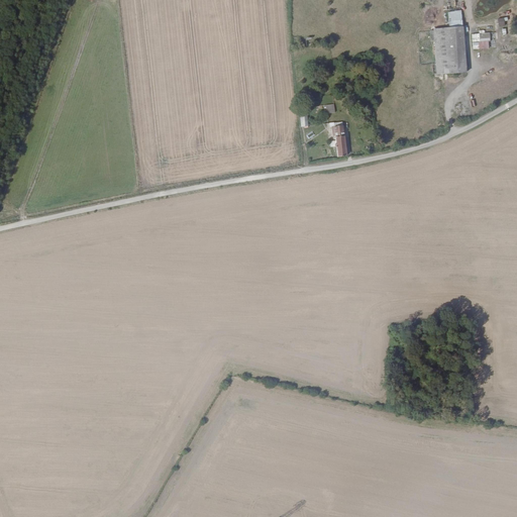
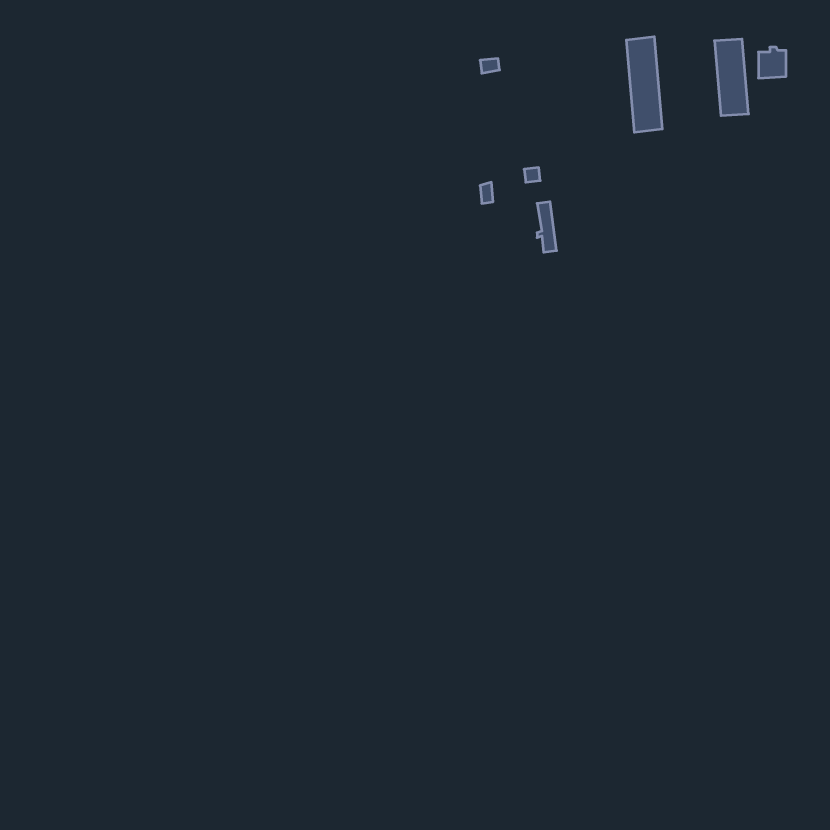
building: none -> [626,37,662,132]

